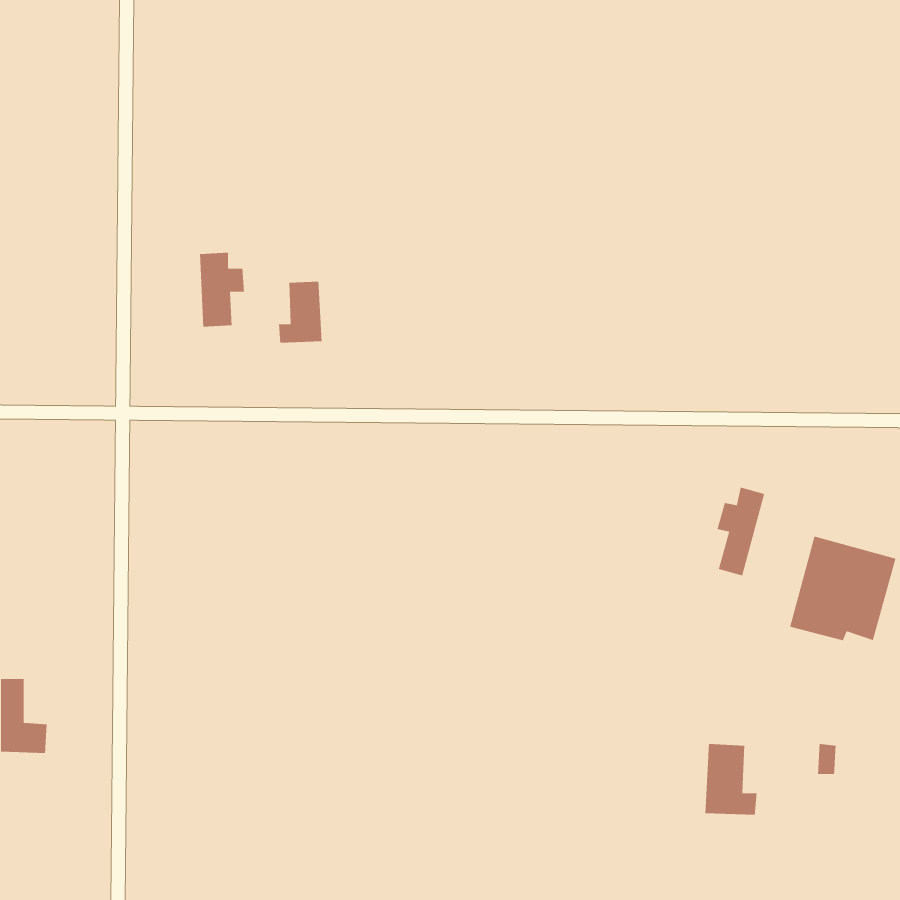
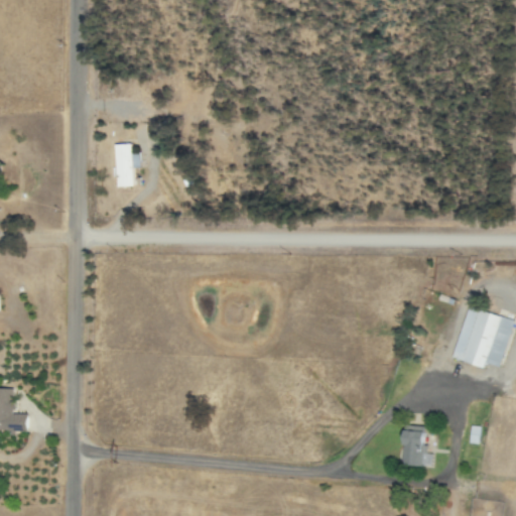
building: [278,281,322,343] -> none
building: [716,487,765,577] -> none

